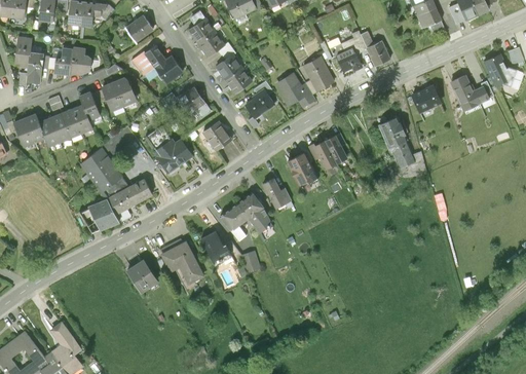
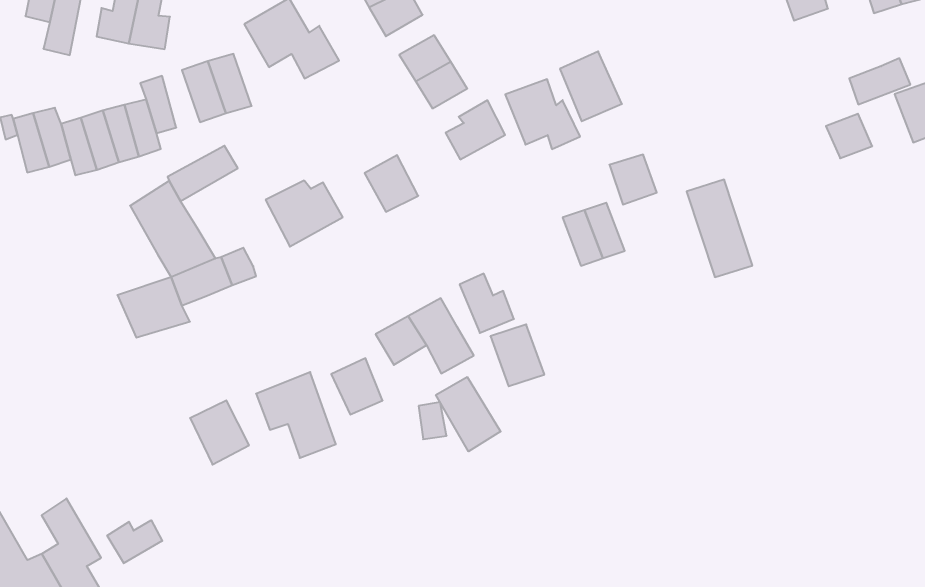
building: [367,39,392,68] -> none
building: [335,46,362,74] -> [609,155,657,205]
building: [178,85,205,113] -> none
building: [456,85,489,112] -> [849,58,910,104]
building: [411,86,440,113] -> none
building: [284,154,314,188] -> [490,324,544,386]
building: none -> [436,377,501,451]
building: none -> [107,520,162,563]

